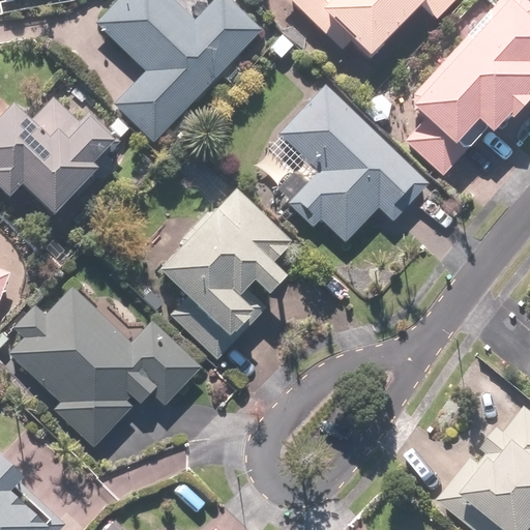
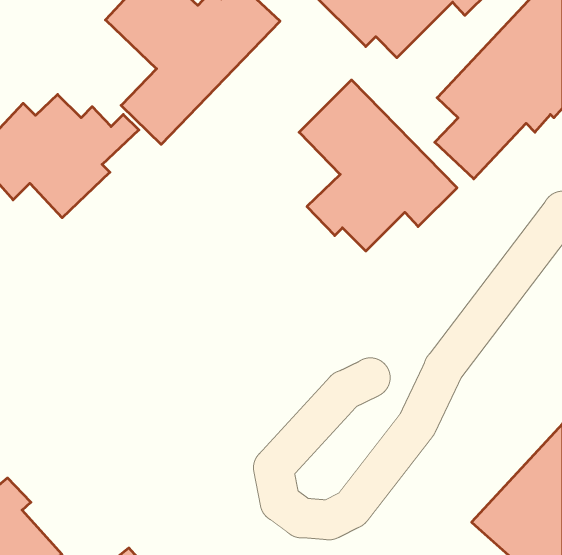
building: [160,185,297,357] -> none
building: [10,287,204,450] -> none

